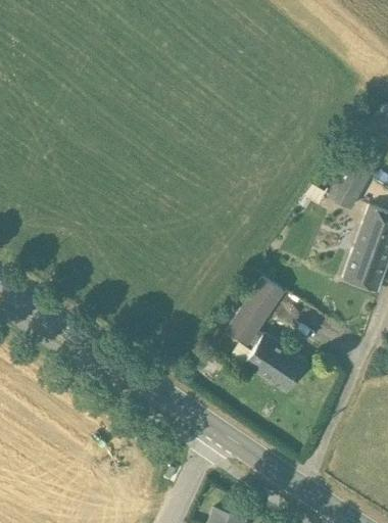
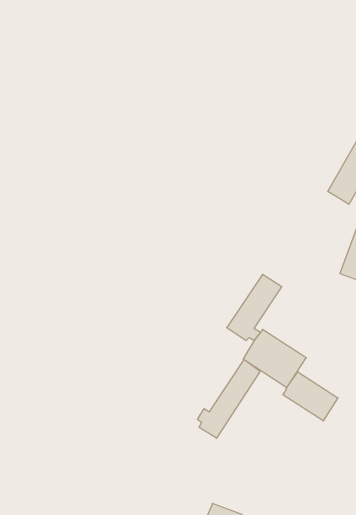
building: none -> [197,360,260,438]
building: none -> [283,372,338,421]

